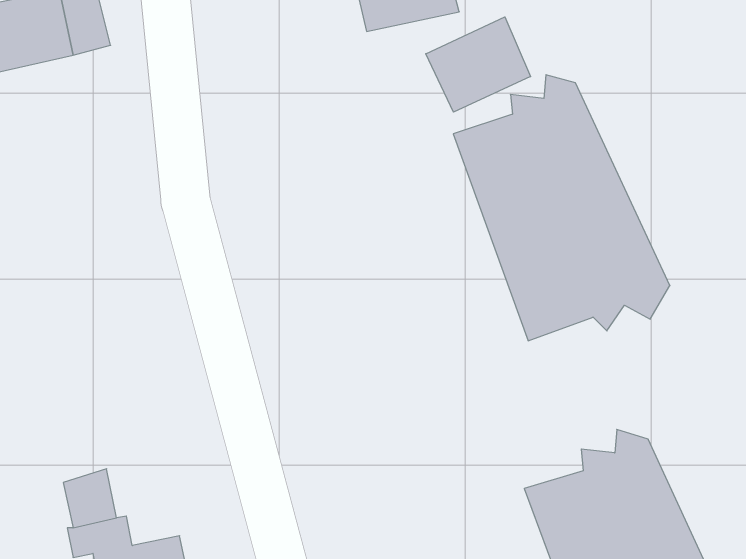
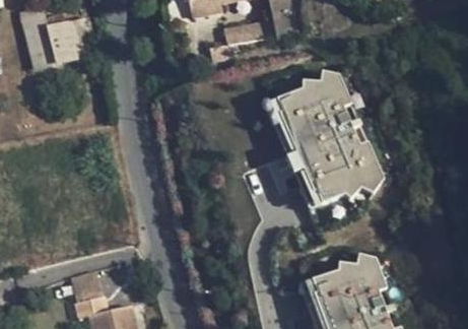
building: [426,17,531,112] -> none

